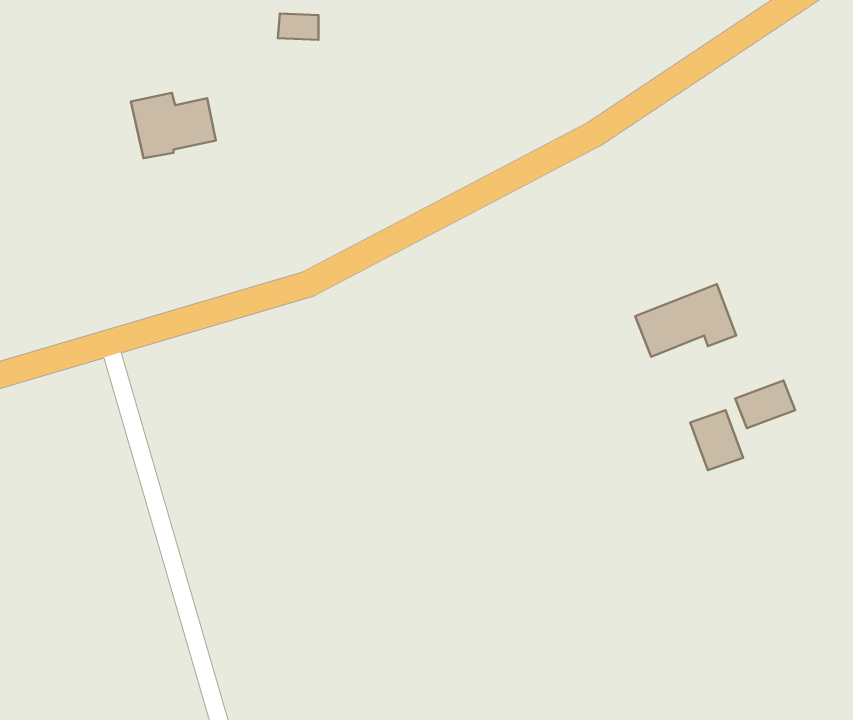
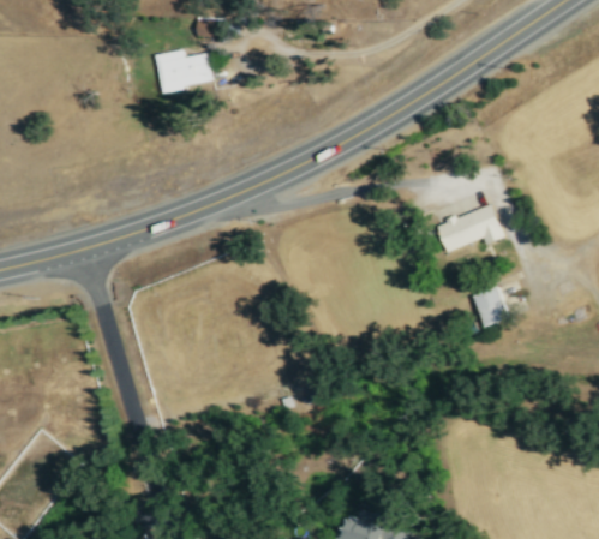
building: [131,93,216,158] -> [152,49,210,94]
building: [735,381,795,428] -> none

